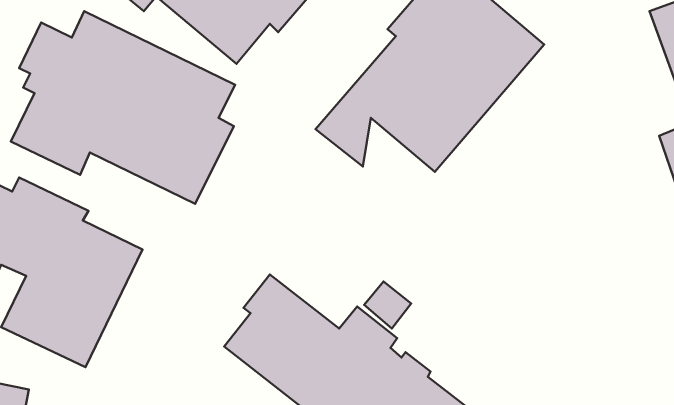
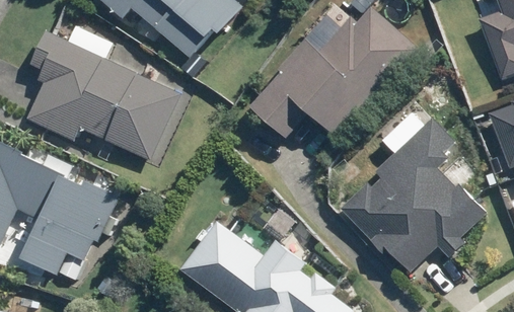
building: none -> [350,120,495,265]

